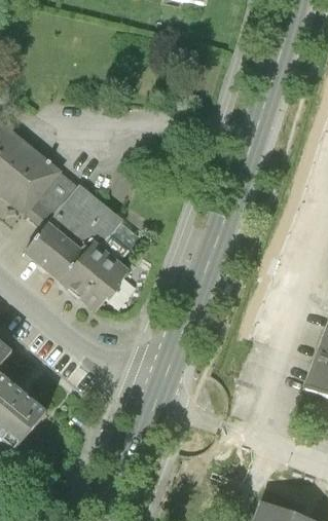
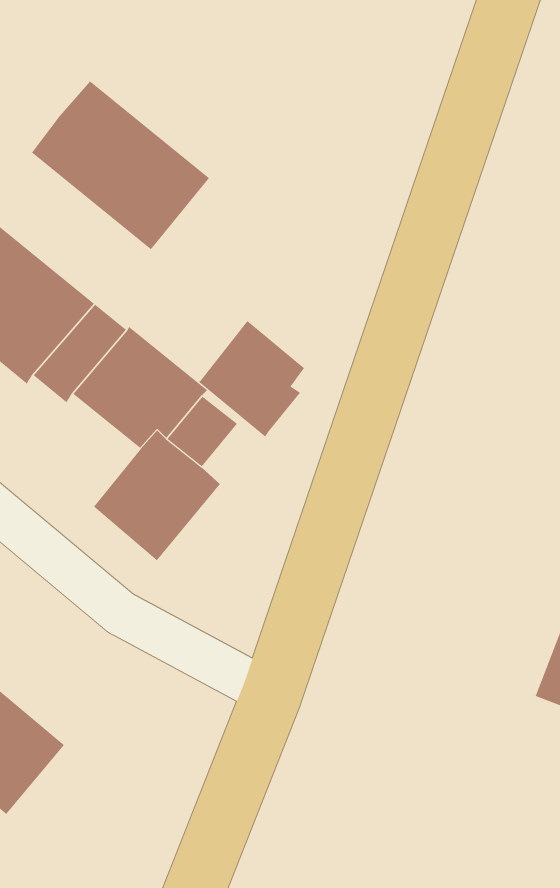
building: none -> [31,80,210,250]
building: none -> [198,320,305,438]
building: [26,220,88,282] -> none

